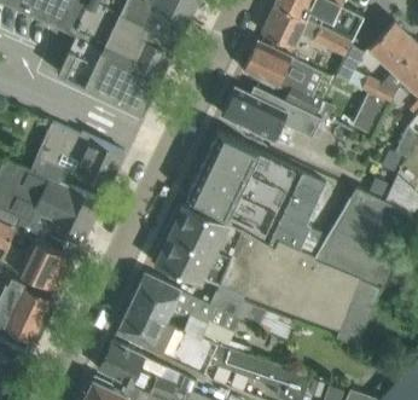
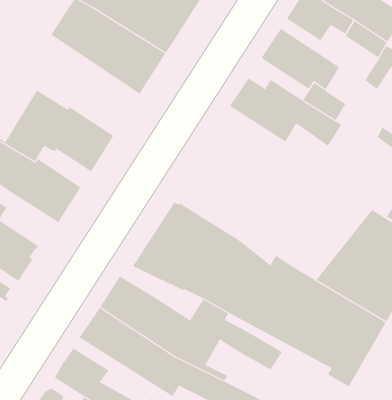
building: [187,132,326,250] -> none

